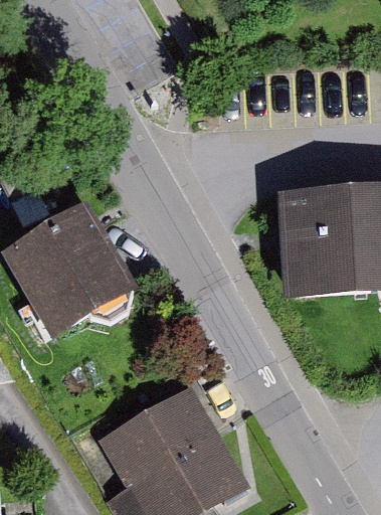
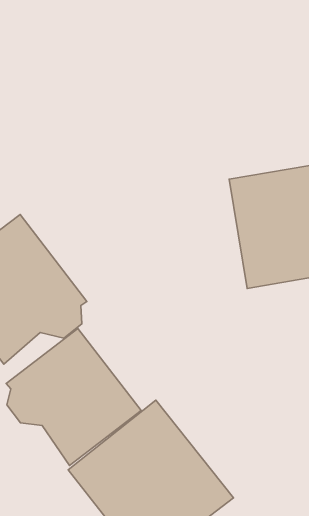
building: none -> [6,329,141,465]

